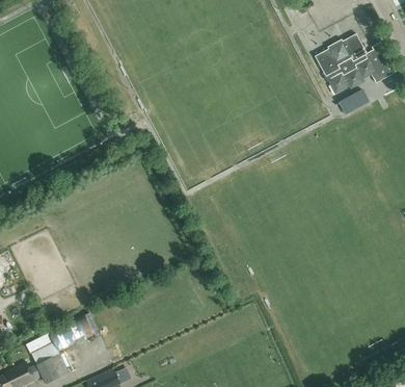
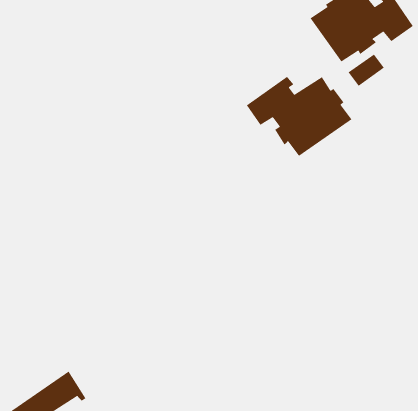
building: none -> [246,76,353,157]

